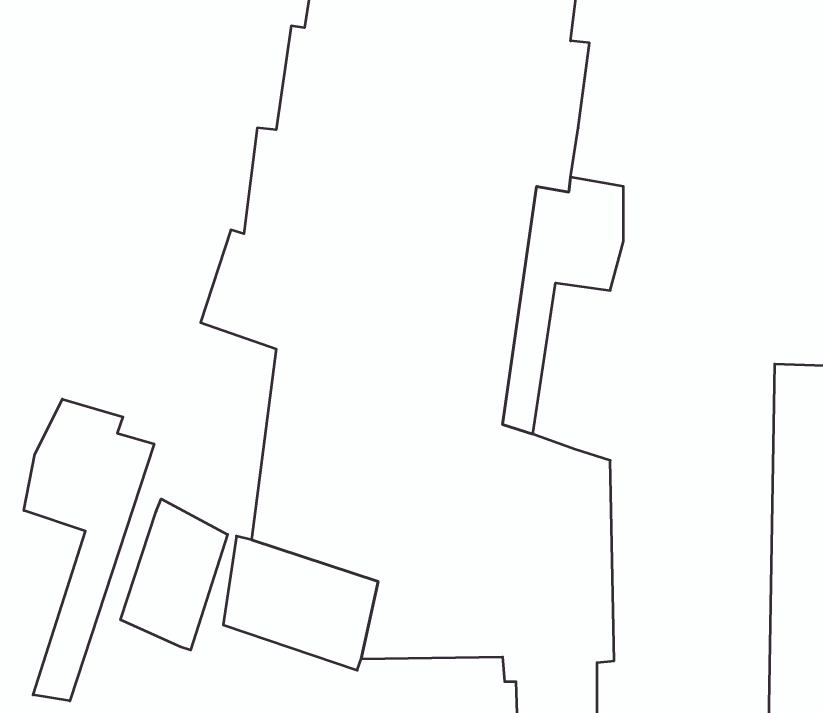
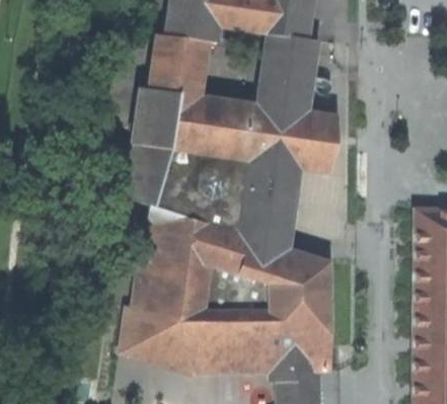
building: [24,399,154,701] -> none
building: [121,499,228,650] -> none

